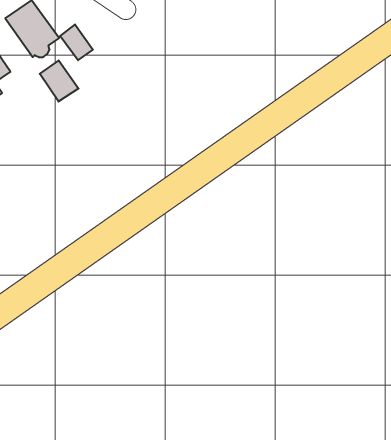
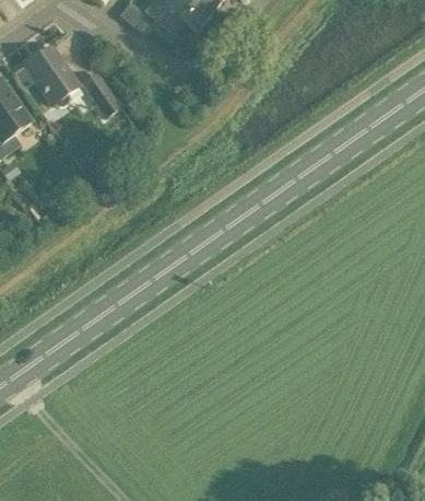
building: [40,60,79,102] -> none

